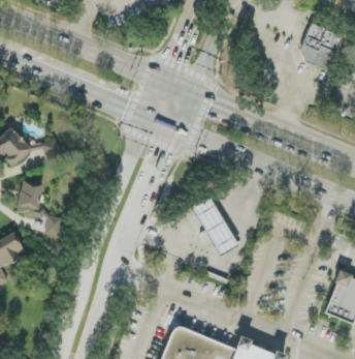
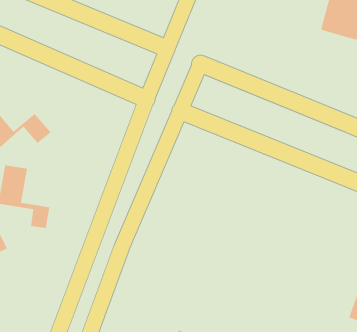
building: [192,198,236,256] -> none

